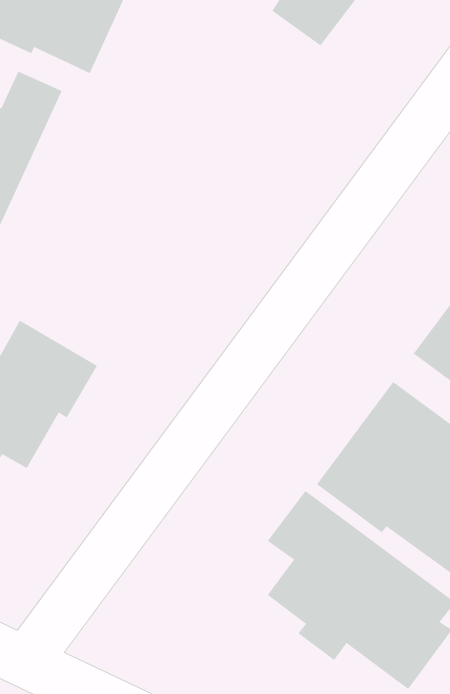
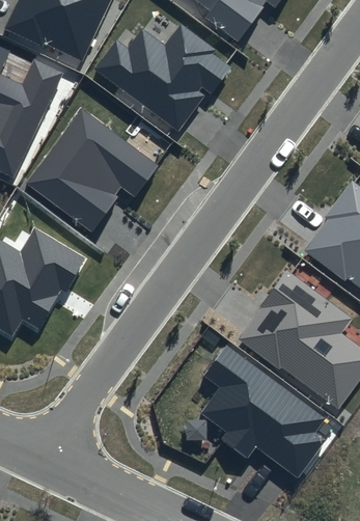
building: none -> [92,25,231,133]
building: none -> [26,109,159,230]

